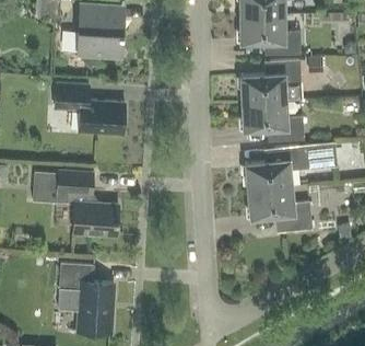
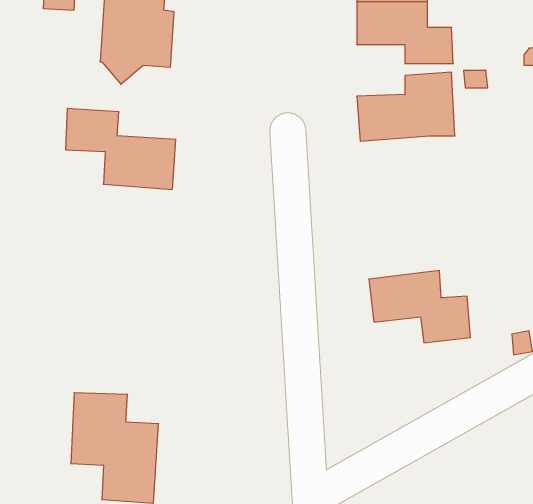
building: [242,100,304,140] -> none
building: [245,141,337,191] -> none
building: [32,170,118,234] -> none

